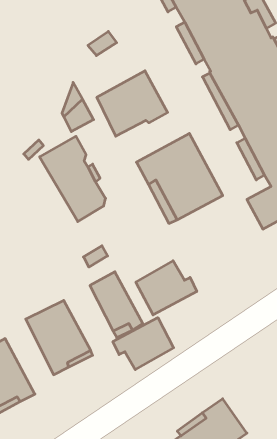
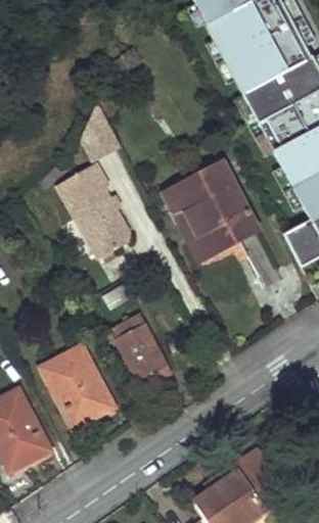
building: [97,71,168,136] -> none
building: [136,261,197,315] -> none
building: [113,318,174,370] -> none

